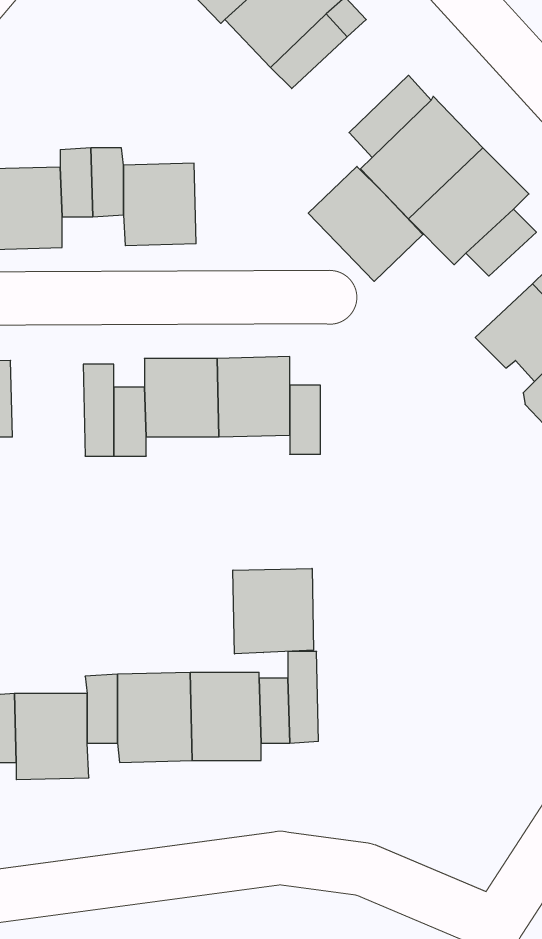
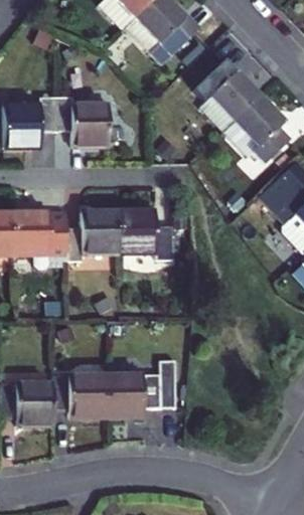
building: [308,166,423,281] -> none
building: none -> [13,208,52,265]
building: [233,568,314,654] -> none

